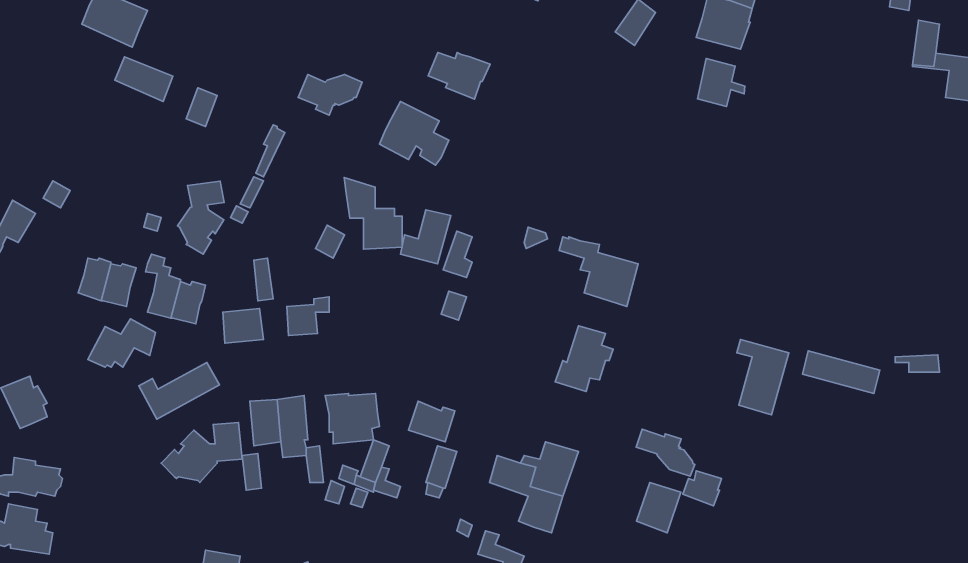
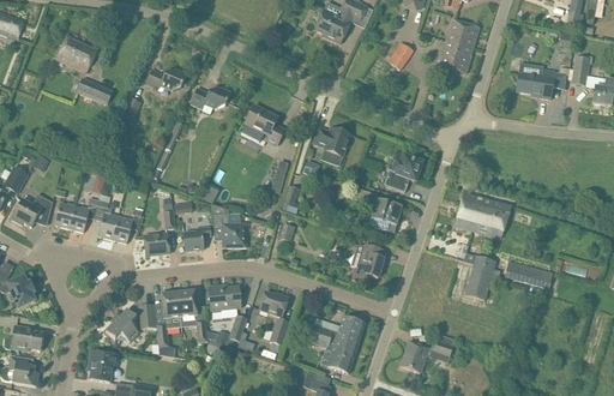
building: none -> [516,62,555,98]
building: none -> [146,68,186,89]
building: [428,53,490,99] -> [313,127,351,156]
building: [697,58,745,107] -> none
building: [344,178,402,249] -> [210,203,246,247]
building: none -> [384,154,422,192]
building: [178,181,224,254] -> none
building: none -> [455,192,511,239]
building: [88,319,156,367] -> [11,193,53,223]
building: [139,363,219,419] -> none
building: [636,429,695,476] -> none
building: none -> [89,349,114,382]

